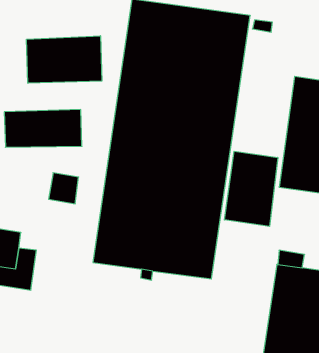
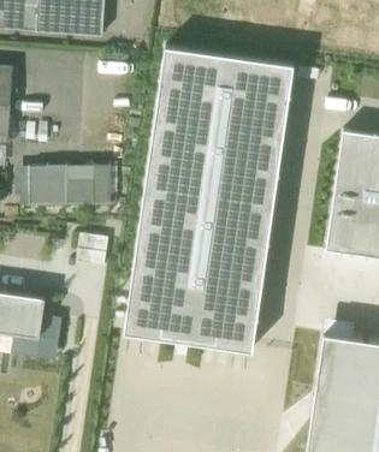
building: [27,36,102,83] -> none
building: [224,151,278,226] -> none

